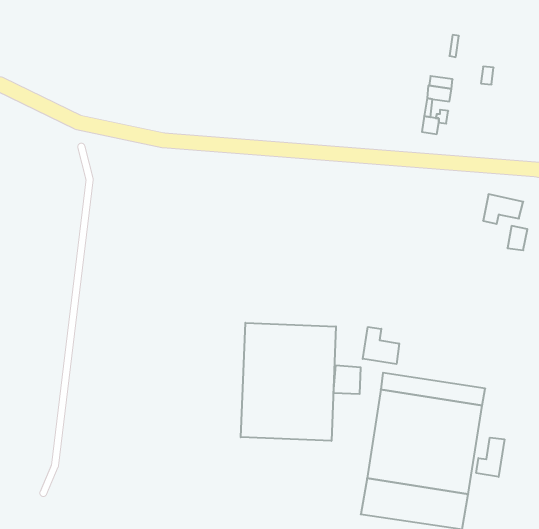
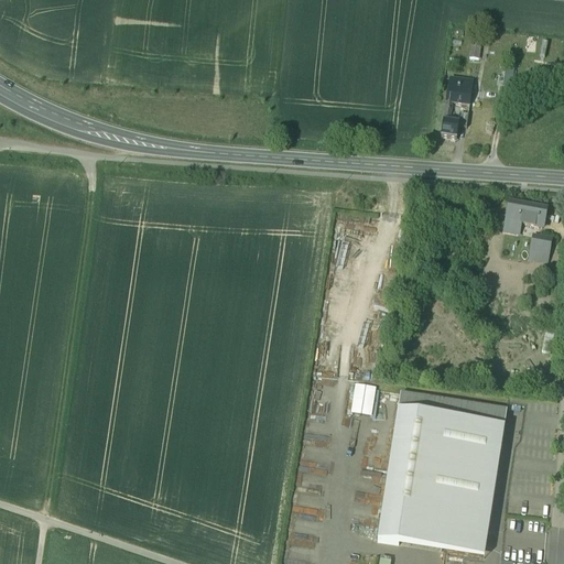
building: [241,323,336,441] -> none
building: [363,327,399,364] -> none
building: [476,438,504,477] -> none

